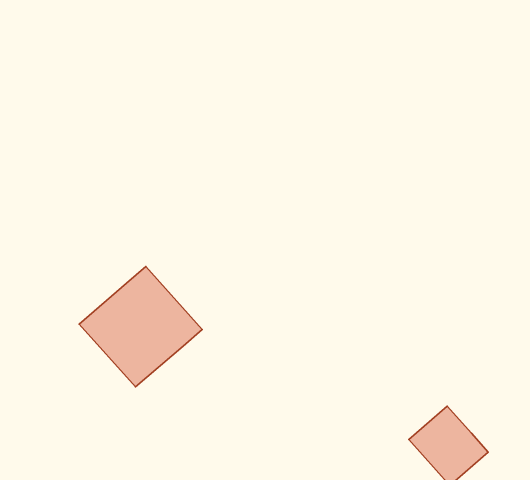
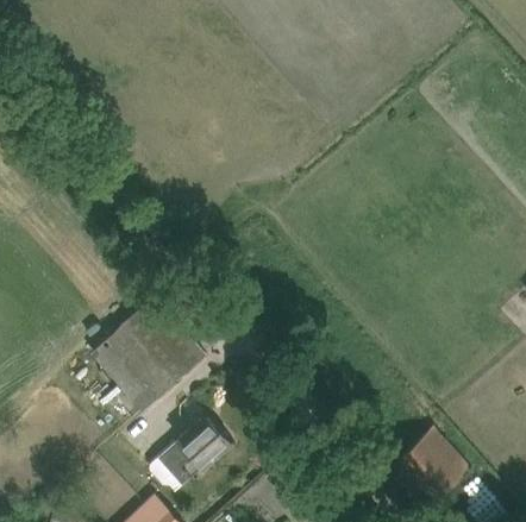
building: none -> [149,417,231,489]

